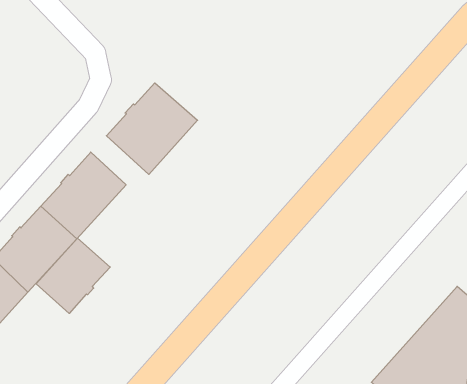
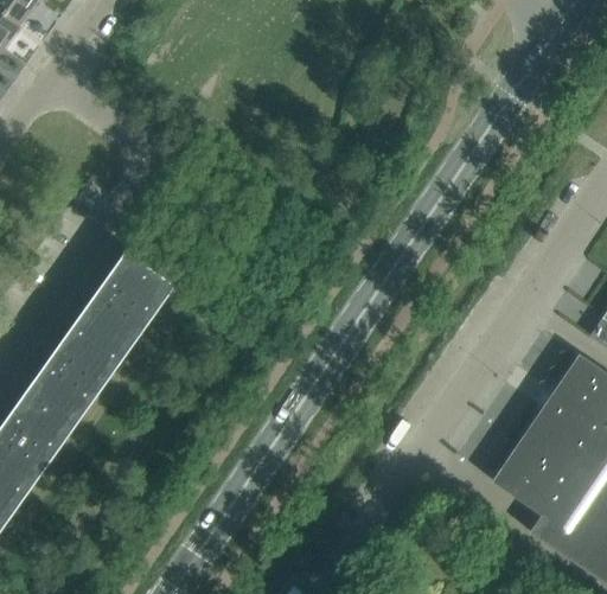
building: [106,83,198,174] -> none
building: [36,238,110,313] -> none

